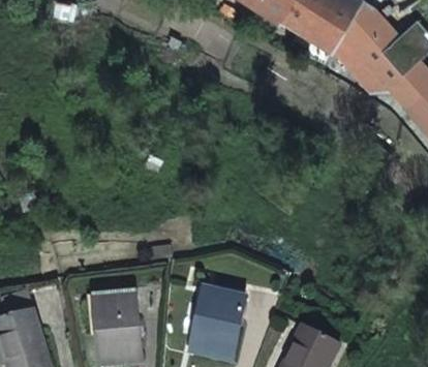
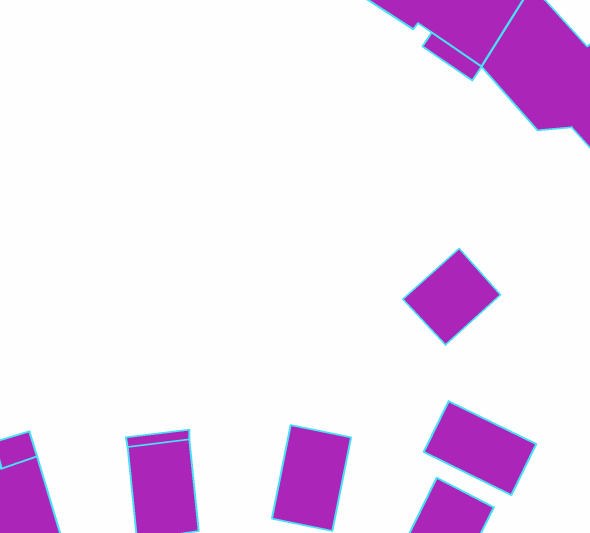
building: none -> [403,249,500,345]
building: none -> [424,401,536,495]

